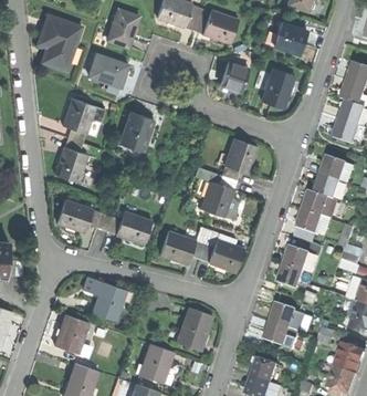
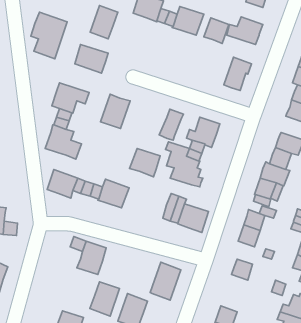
building: [219,61,248,91] -> [204,18,229,44]
building: none -> [159,109,183,140]
building: [159,230,195,263] -> [130,148,160,177]
building: [54,313,88,353] -> [90,282,120,316]
building: [263,320,293,345] -> none

